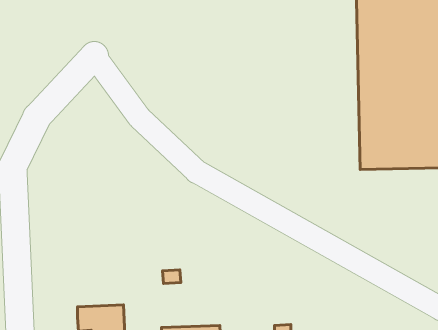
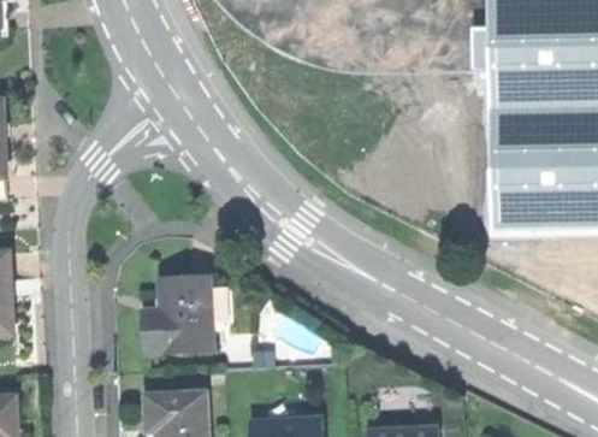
building: none -> [143,278,213,354]

